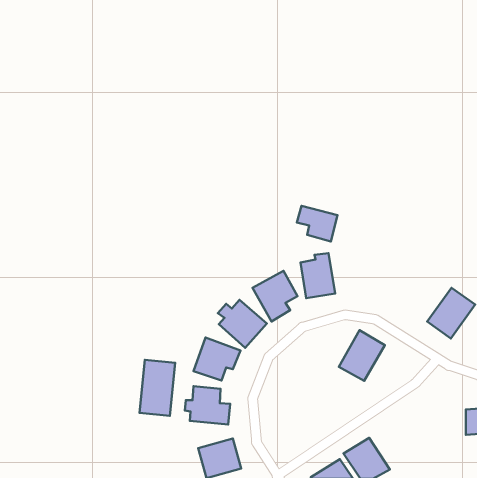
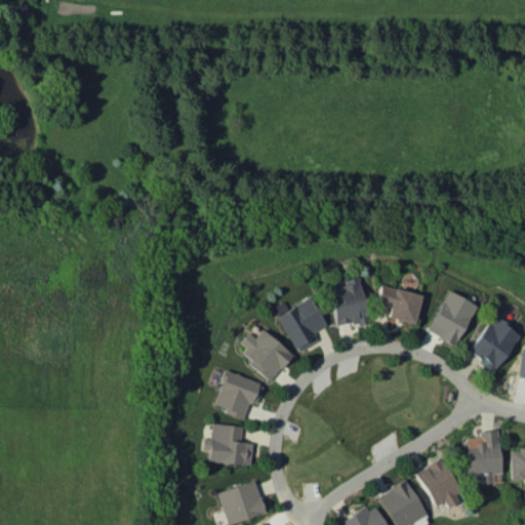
building: [297,206,337,241] -> [378,285,422,324]
building: [339,330,385,381] -> [429,290,479,346]
building: [140,360,175,416] -> none
building: none -> [467,430,502,483]
building: none -> [417,458,466,508]

